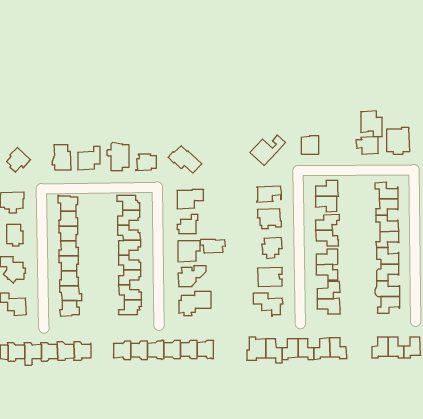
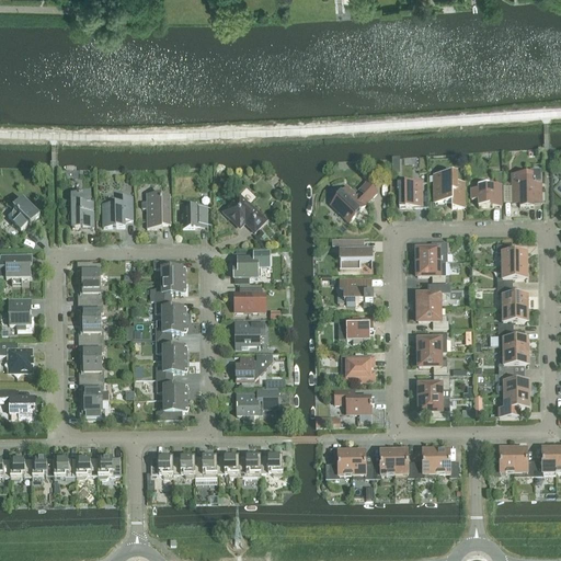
building: [361,111,382,137] -> [435,171,463,205]
building: [200,239,225,253] -> none

